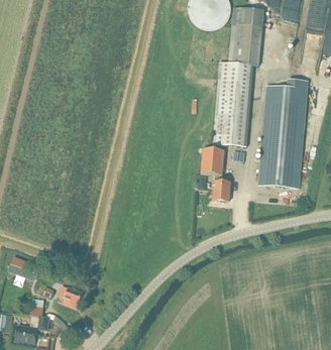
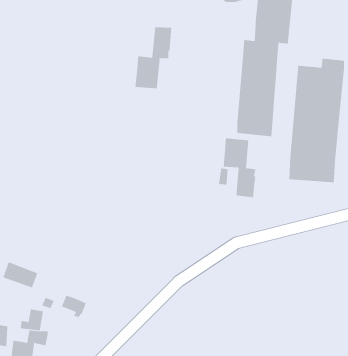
building: none -> [135,26,172,89]

